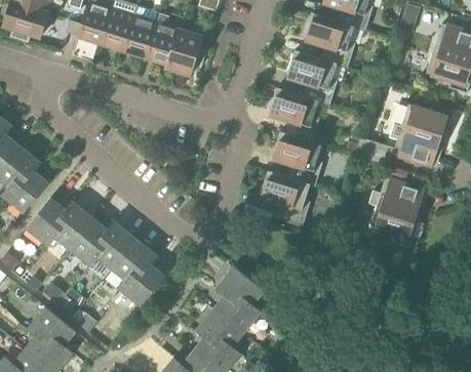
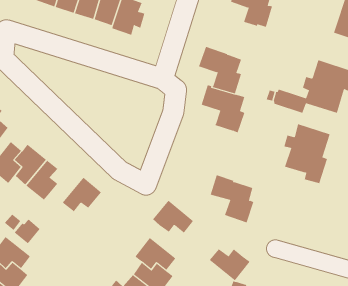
building: [286,51,337,107] -> none
building: [259,171,310,228] -> [210,174,254,223]
building: [88,221,134,279] -> none
building: [117,264,164,306] -> none
building: [211,295,260,333] -> [209,248,250,281]

